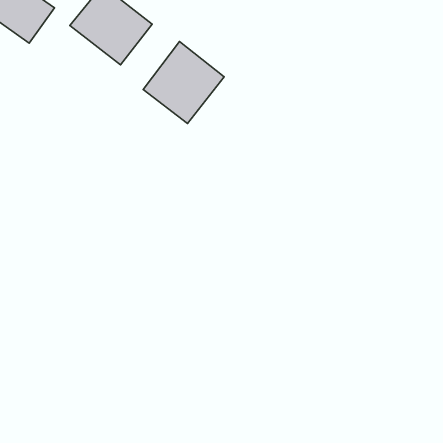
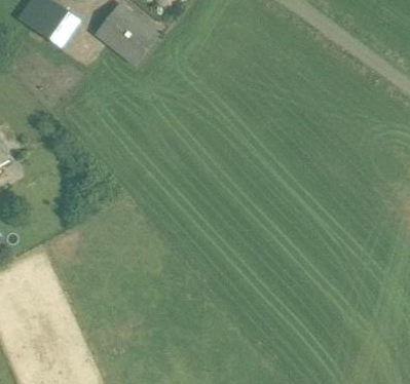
building: [143,42,224,123] -> none

